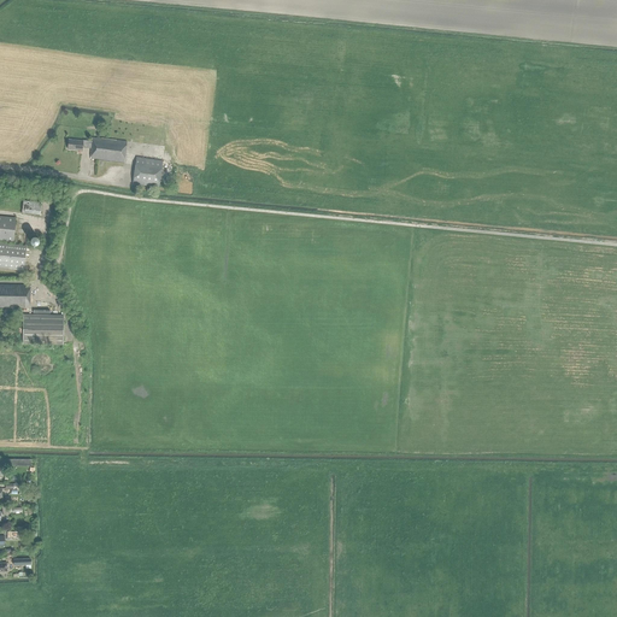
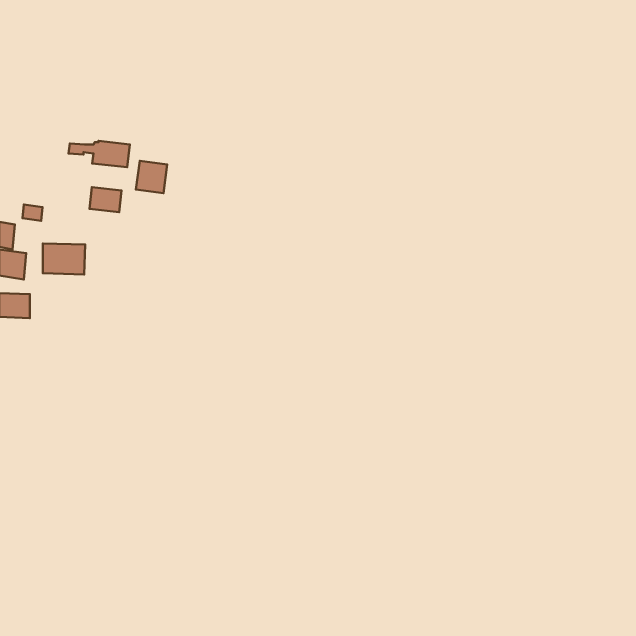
building: none -> [90,187,121,212]
building: [22,313,63,343] -> [43,243,85,275]

